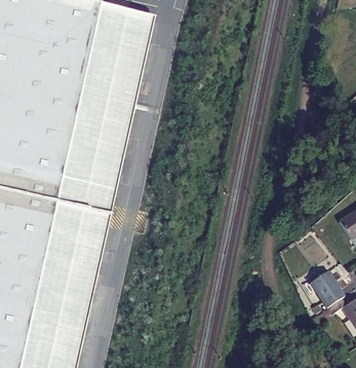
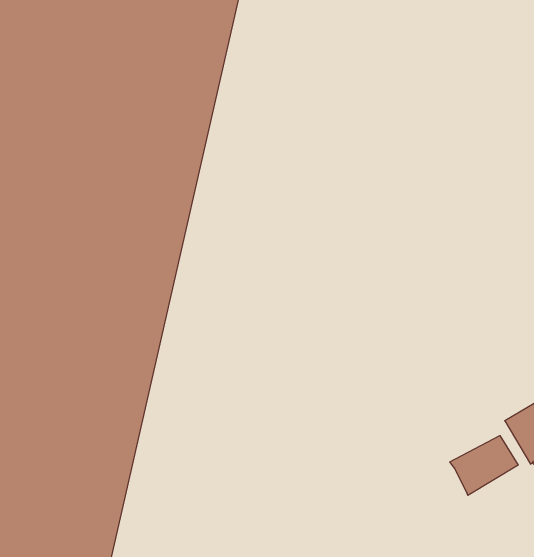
building: none -> [450,436,518,495]

